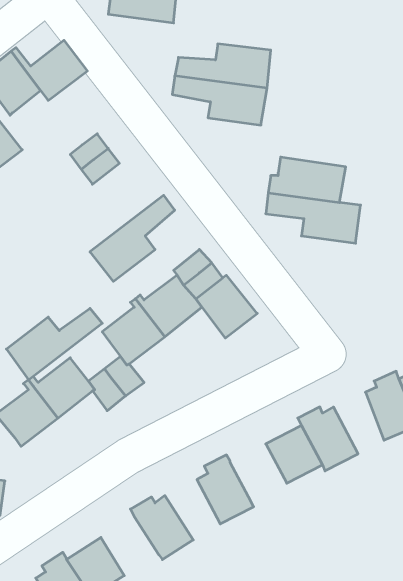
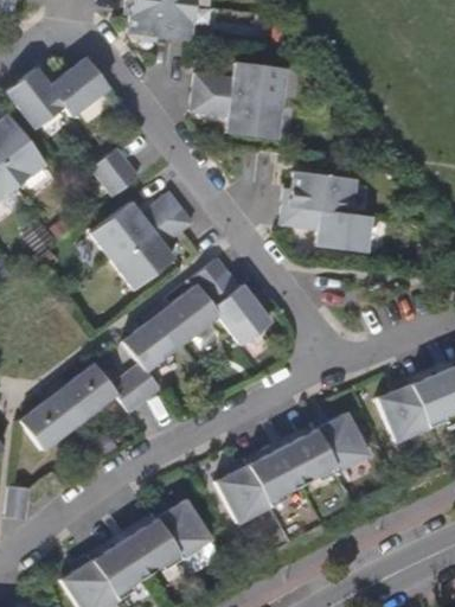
building: [6,308,102,380] -> [90,193,182,262]
building: none -> [246,447,301,503]
building: none -> [122,517,178,574]

